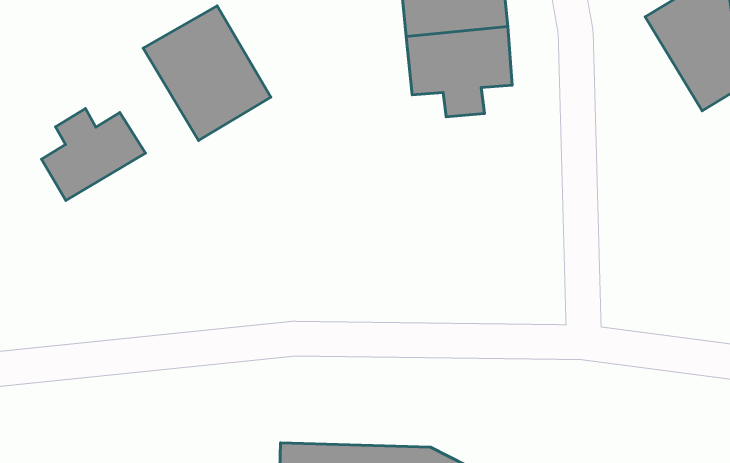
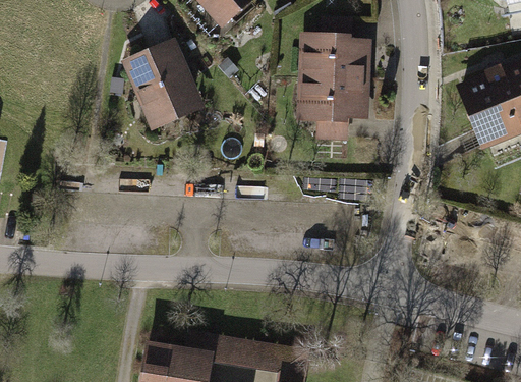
building: [41,108,146,201] -> none

